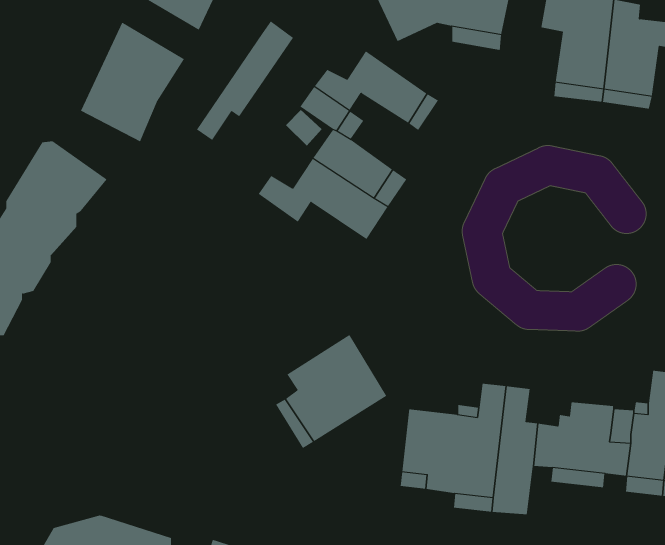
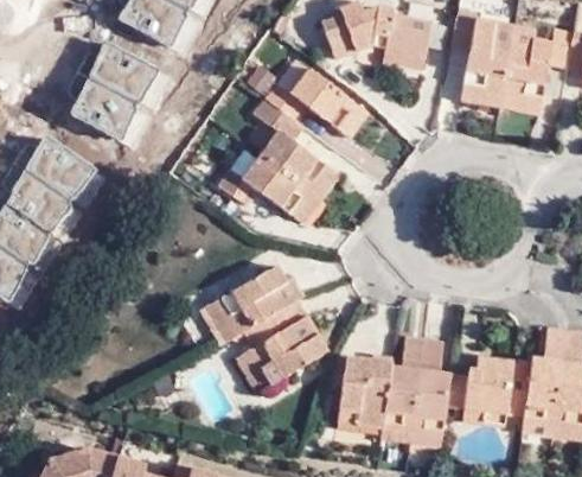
building: [196,20,294,141] -> none
building: none -> [202,263,302,344]

